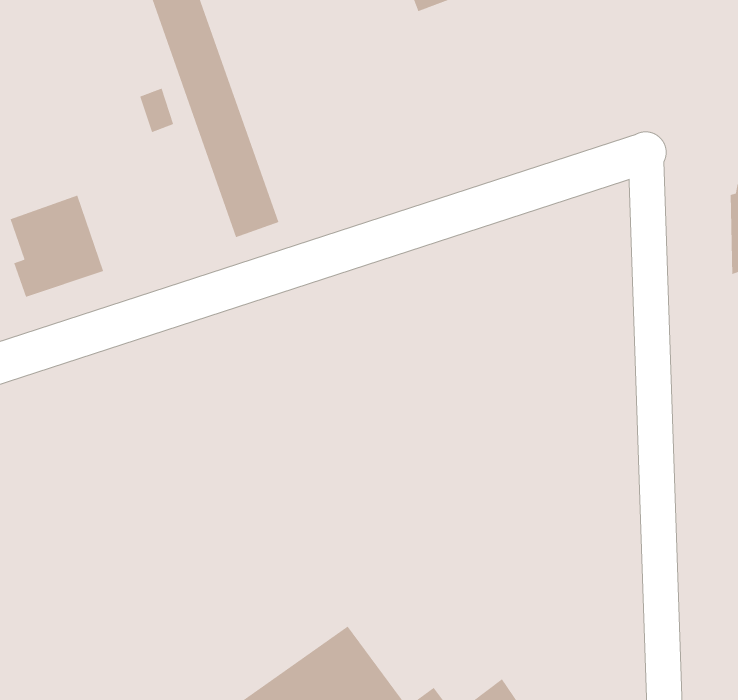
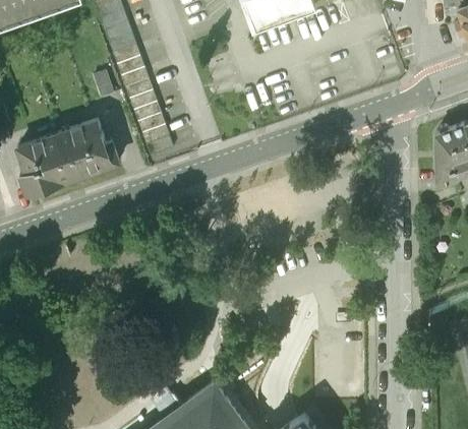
building: none -> [57,118,118,177]

